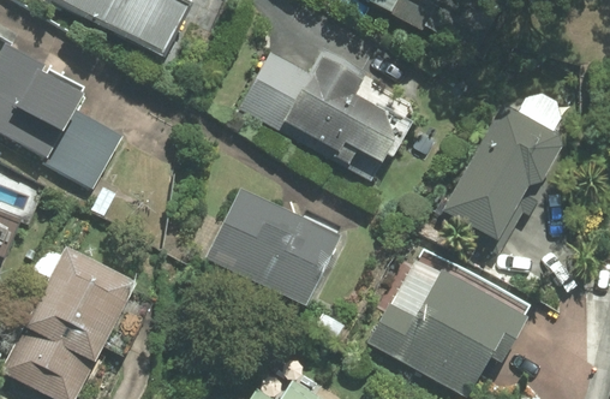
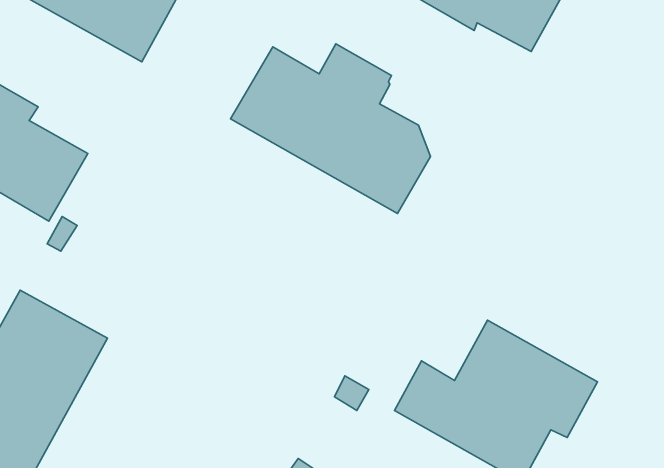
building: [436,100,566,252] -> none
building: [205,184,343,306] -> none

